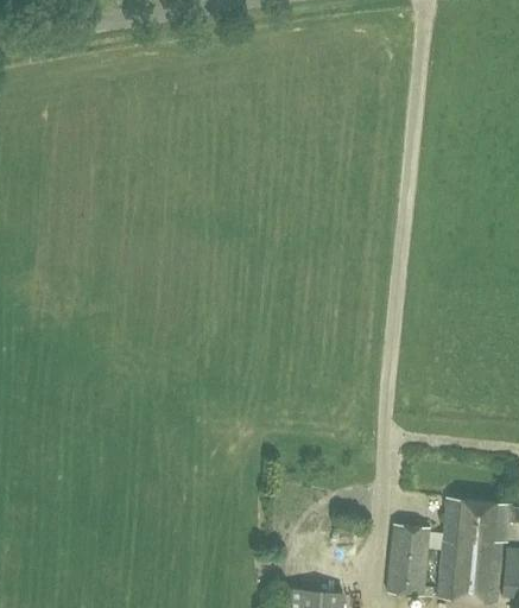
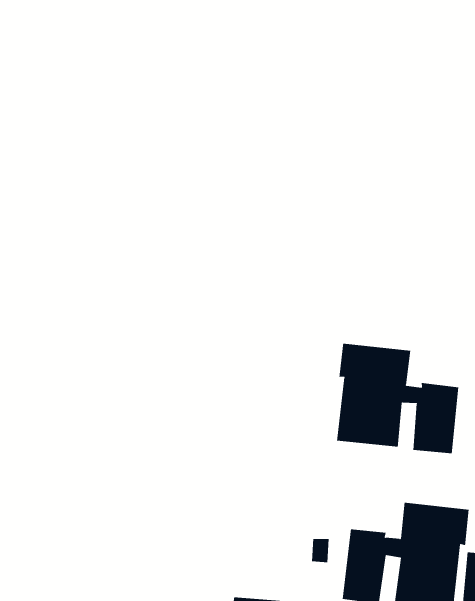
building: none -> [337,343,459,454]

